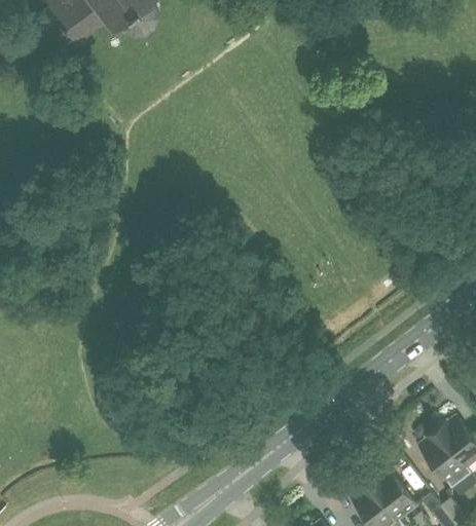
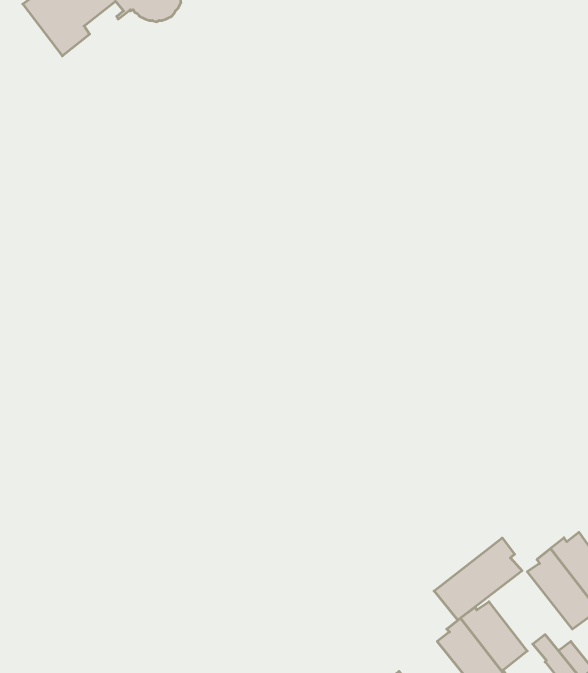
building: none -> [434,538,522,620]

